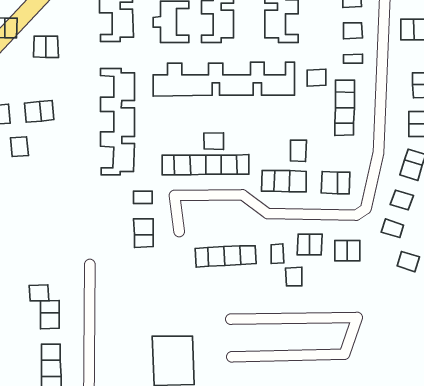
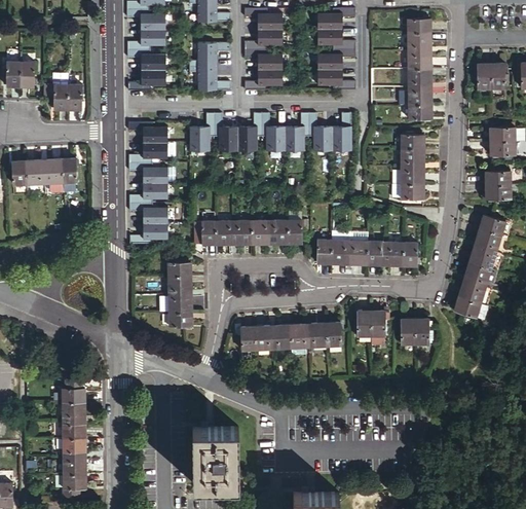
building: none -> [409,50,430,69]
building: [307,69,326,86] -> [410,86,431,106]
building: [204,133,224,149] -> none
building: [10,137,28,156] -> [25,161,45,184]
building: [290,140,307,162] -> [367,240,385,264]
building: none -> [469,244,495,267]
building: none -> [168,277,191,294]
building: [397,251,419,272] -> [458,278,484,301]
building: [286,267,302,286] -> [308,324,327,346]
building: [29,285,49,301] -> [62,420,84,438]

